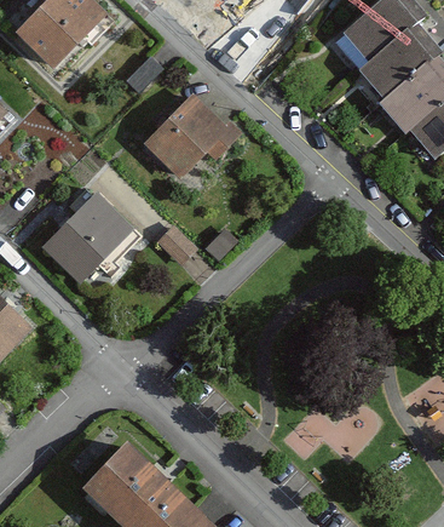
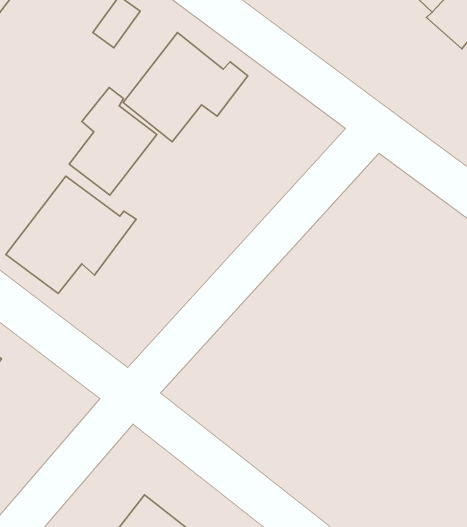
building: none -> [69,87,157,195]

